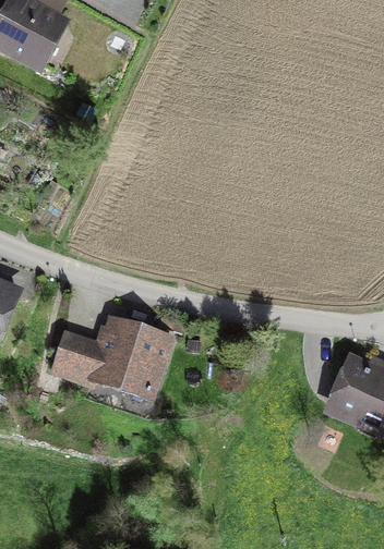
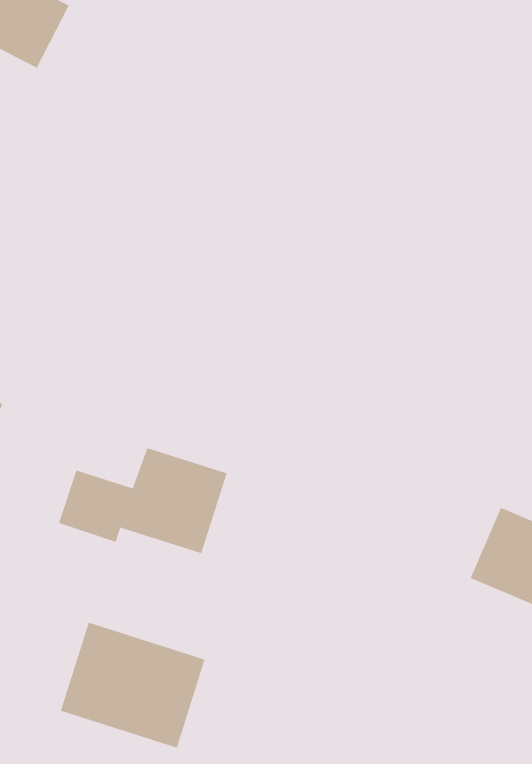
building: none -> [60,622,205,749]

